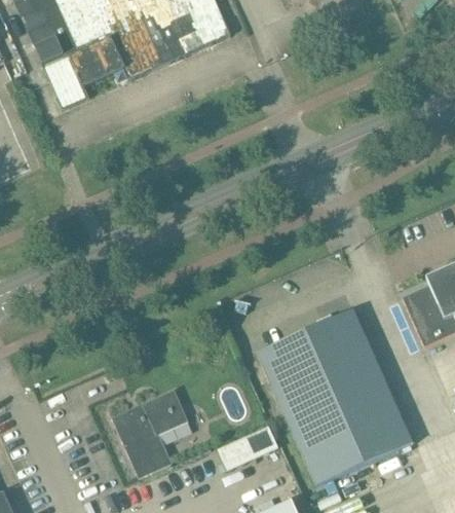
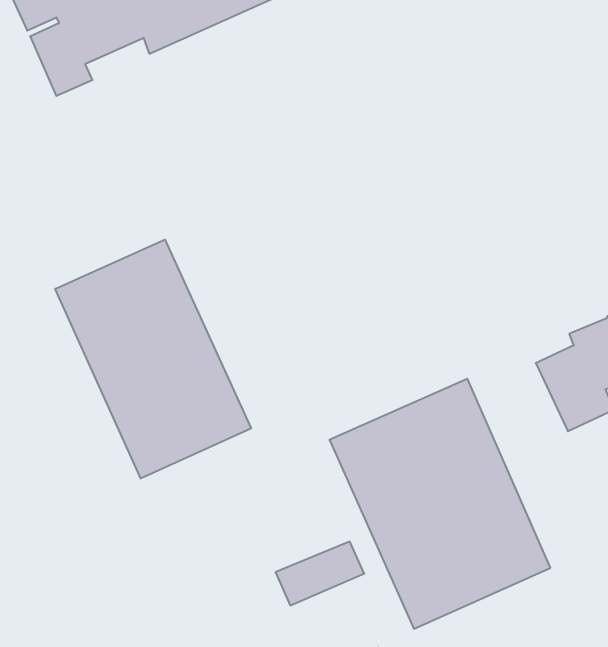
building: none -> [55,240,251,479]
building: [111,389,188,478] -> none

